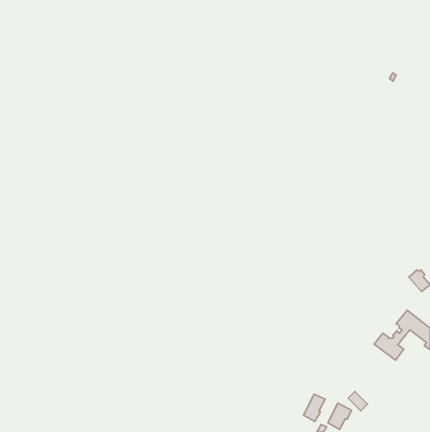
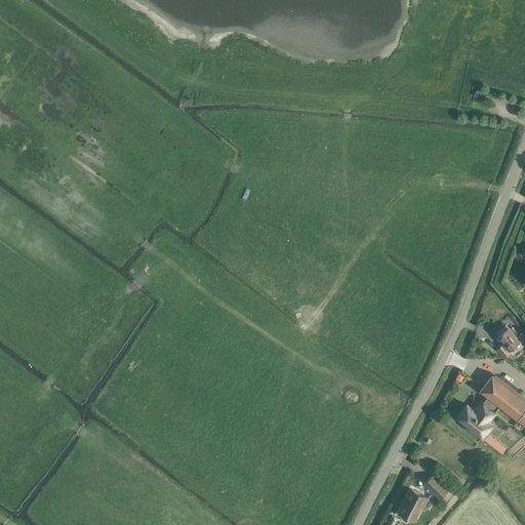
building: [303,394,325,421] -> none

